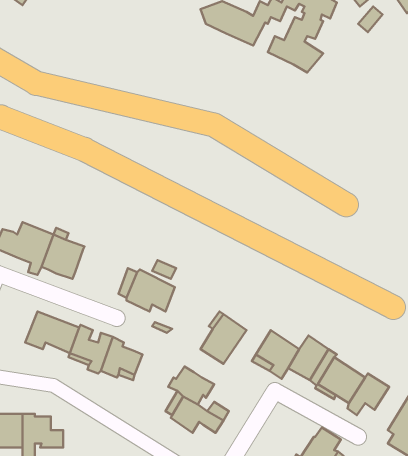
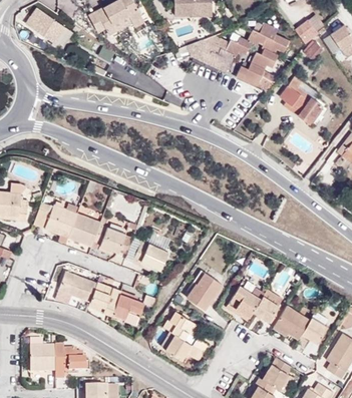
building: none -> [280,81,328,124]
building: none -> [93,225,125,253]

